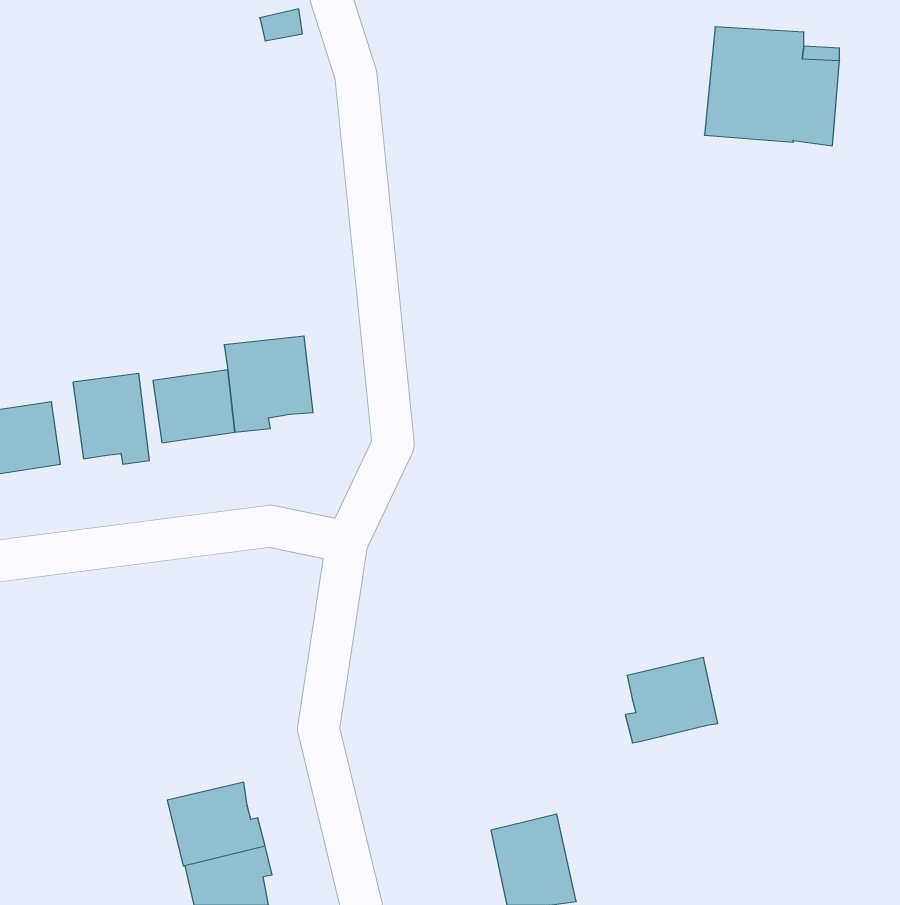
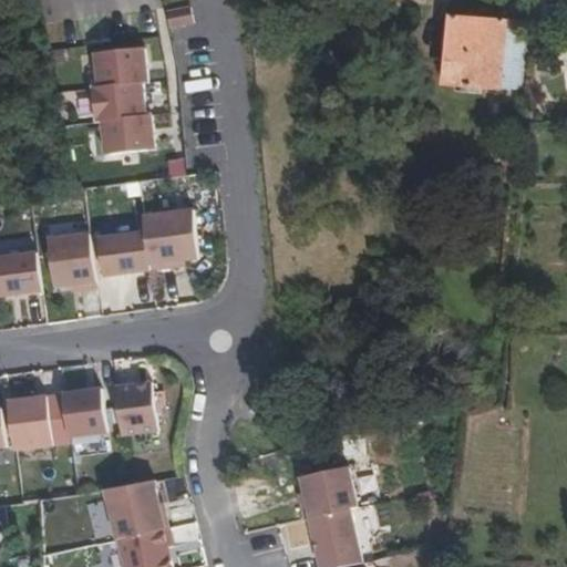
building: none -> [92,47,153,154]
building: none -> [112,381,154,434]
building: none -> [60,390,103,435]
building: none -> [4,395,49,449]
building: [625,658,718,743] -> [296,465,353,518]

